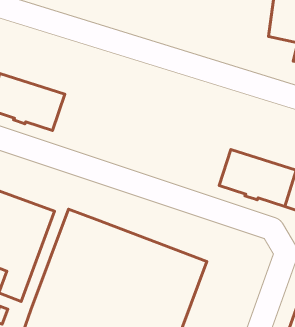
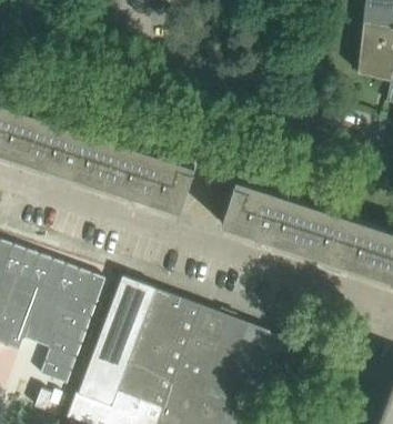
building: none -> [102,145,193,215]
building: none -> [220,184,311,252]

